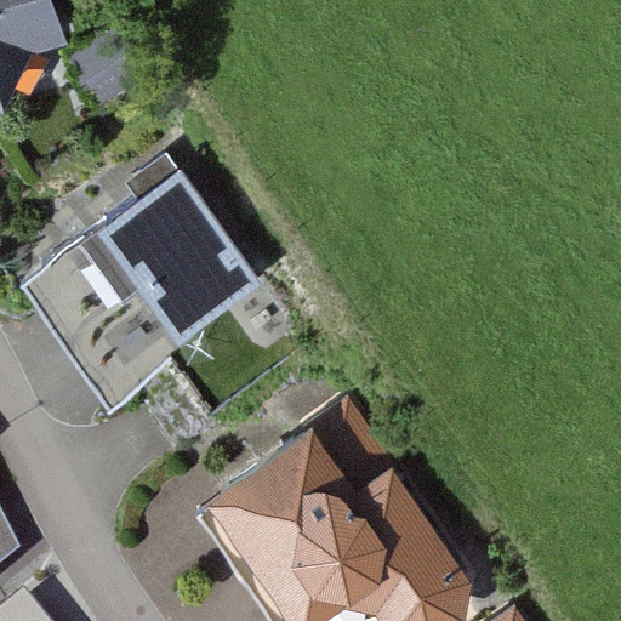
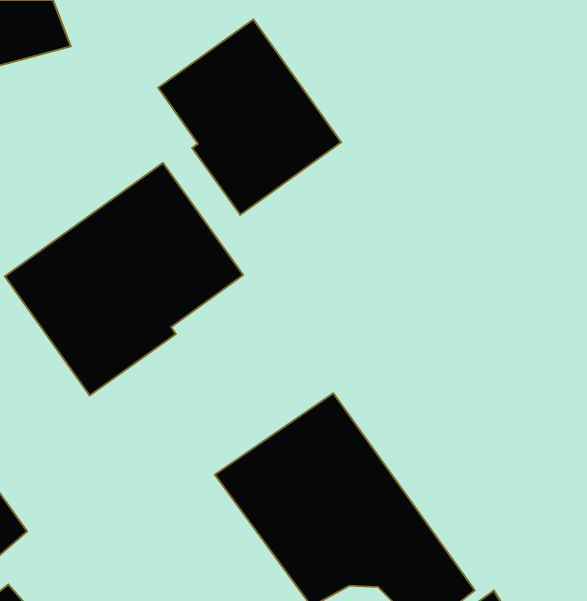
building: none -> [158,19,341,215]

